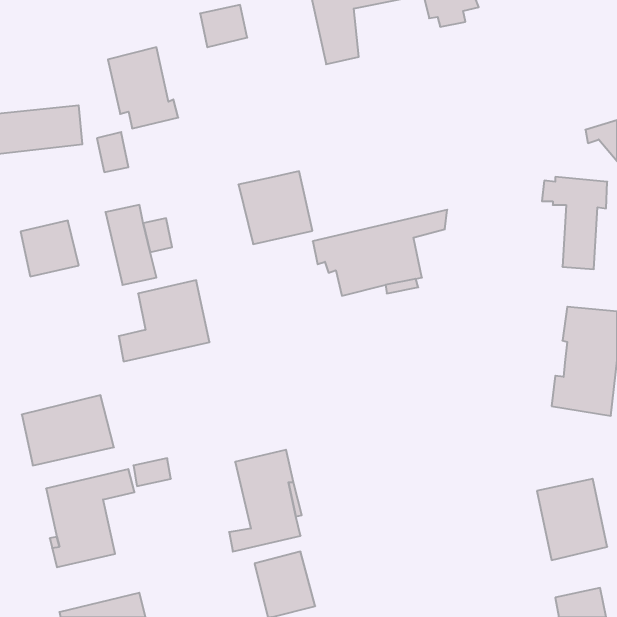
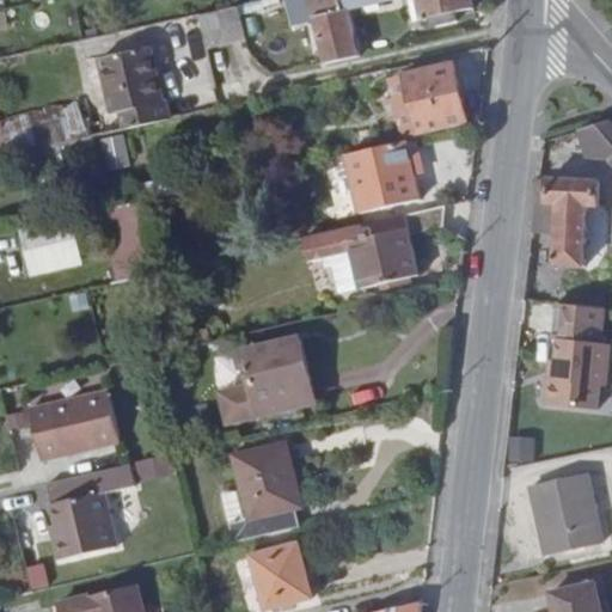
building: none -> [400,61,464,133]
building: [238,171,312,244] -> [344,140,417,212]
building: [119,280,210,361] -> [220,338,310,418]

